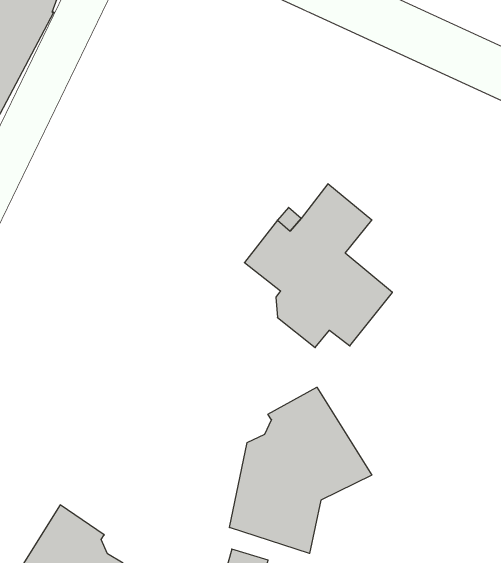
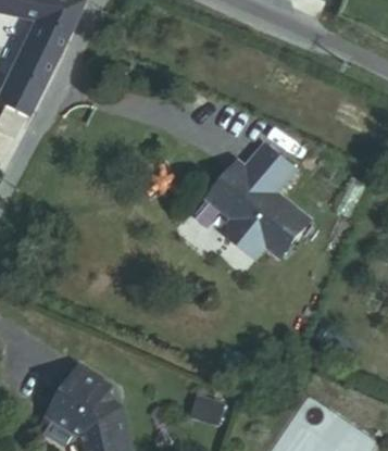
building: [229,387,372,553] -> none

